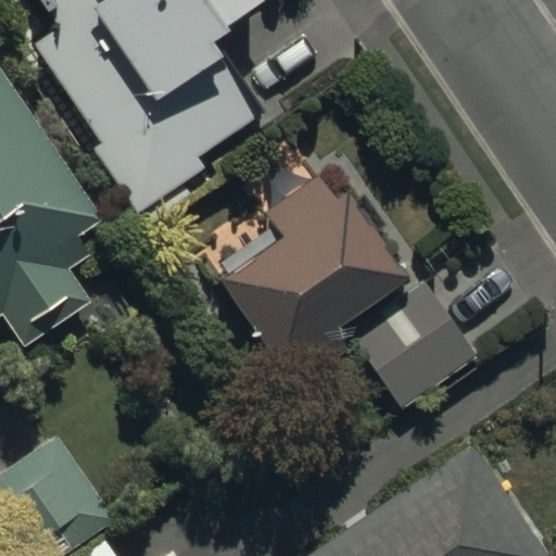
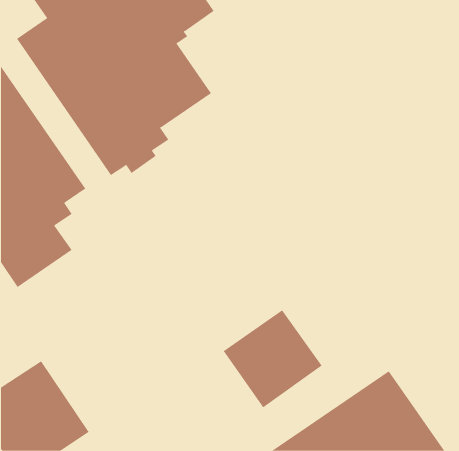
building: [217,175,408,392] -> none
building: [355,285,475,403] -> [223,309,322,408]

